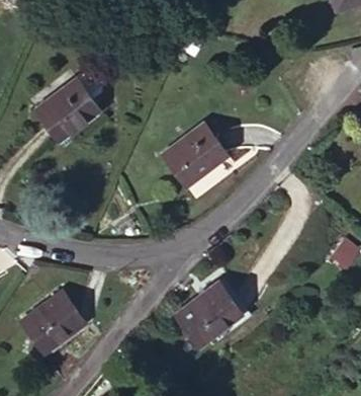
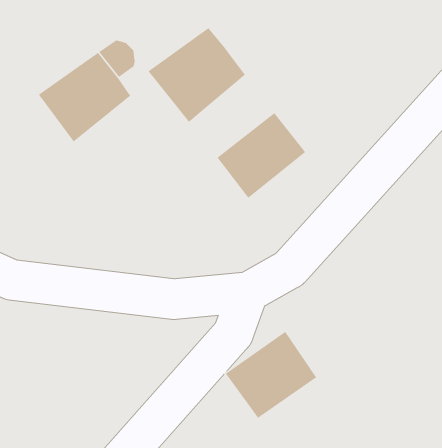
building: none -> [148,27,246,123]
building: [16,286,83,349] -> none

